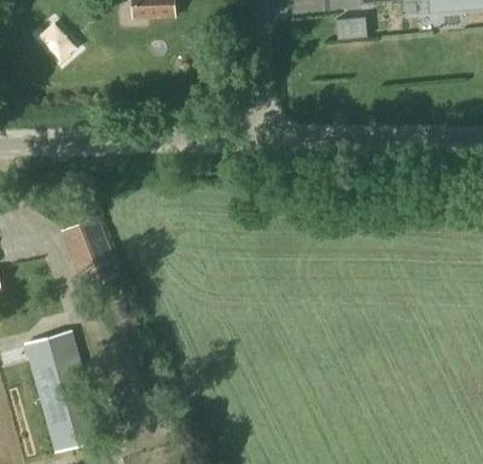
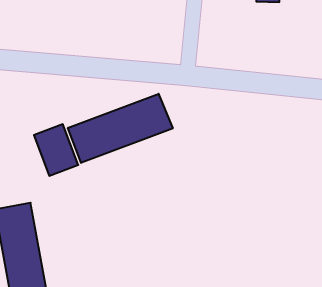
building: none -> [68,94,173,163]

